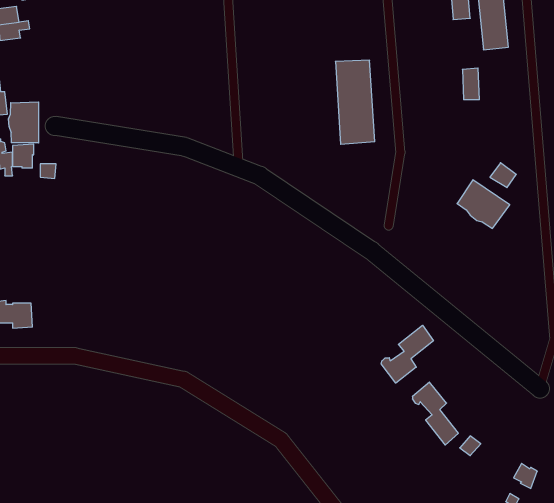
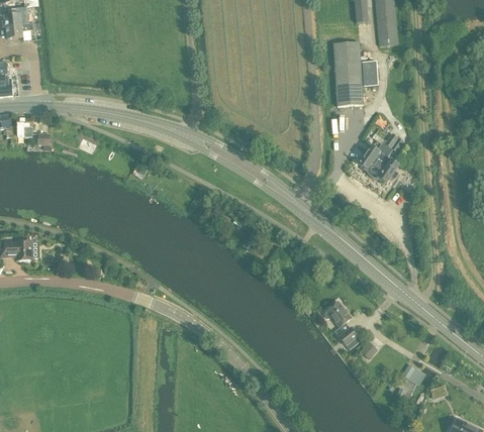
building: [335,60,375,144] -> [332,41,363,106]
building: [9,102,39,143] -> none
building: [381,325,433,383] -> none

